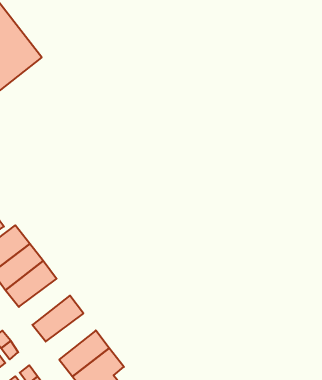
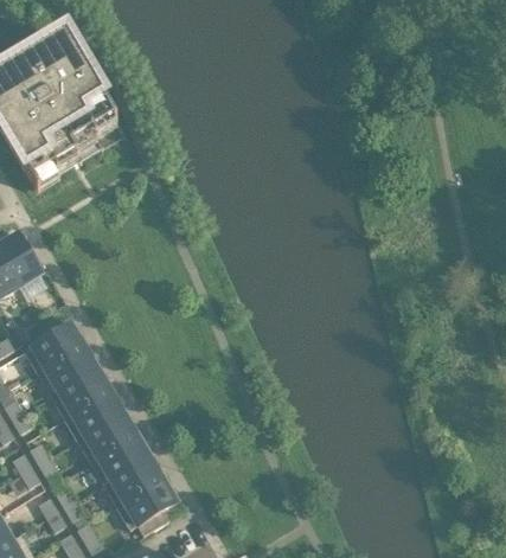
building: none -> [64,387,124,437]
building: none -> [90,431,149,481]

